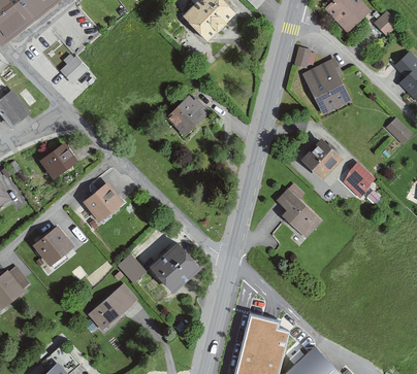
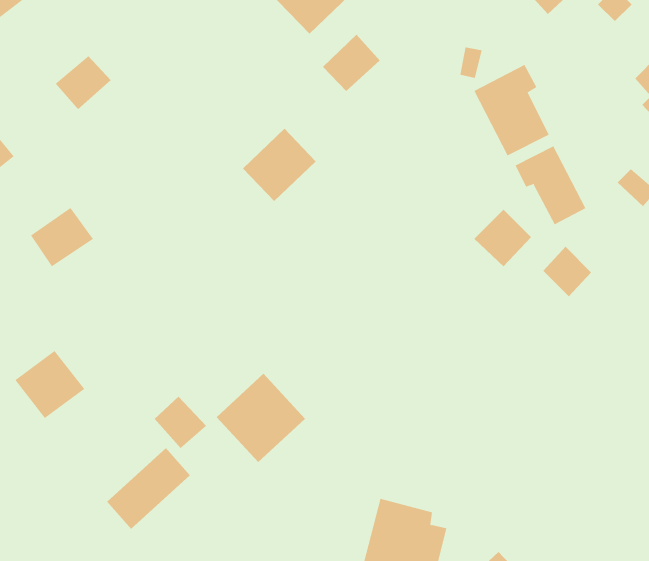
building: none -> [322,34,380,92]
building: none -> [515,145,586,225]
building: [85,181,126,222] -> none
building: [277,190,318,235] -> none

